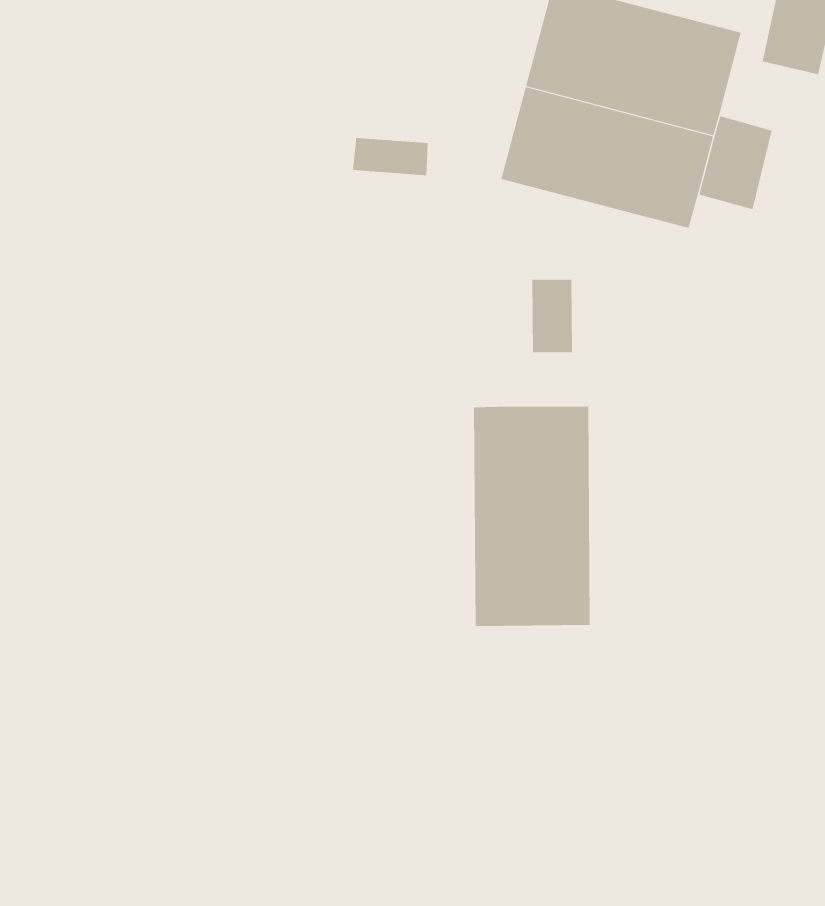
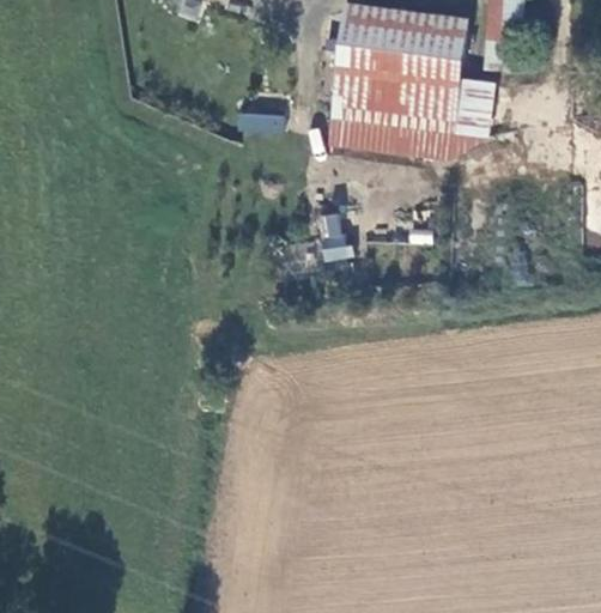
building: [532,279,573,353] -> [316,212,346,260]
building: [474,406,590,627] -> none

